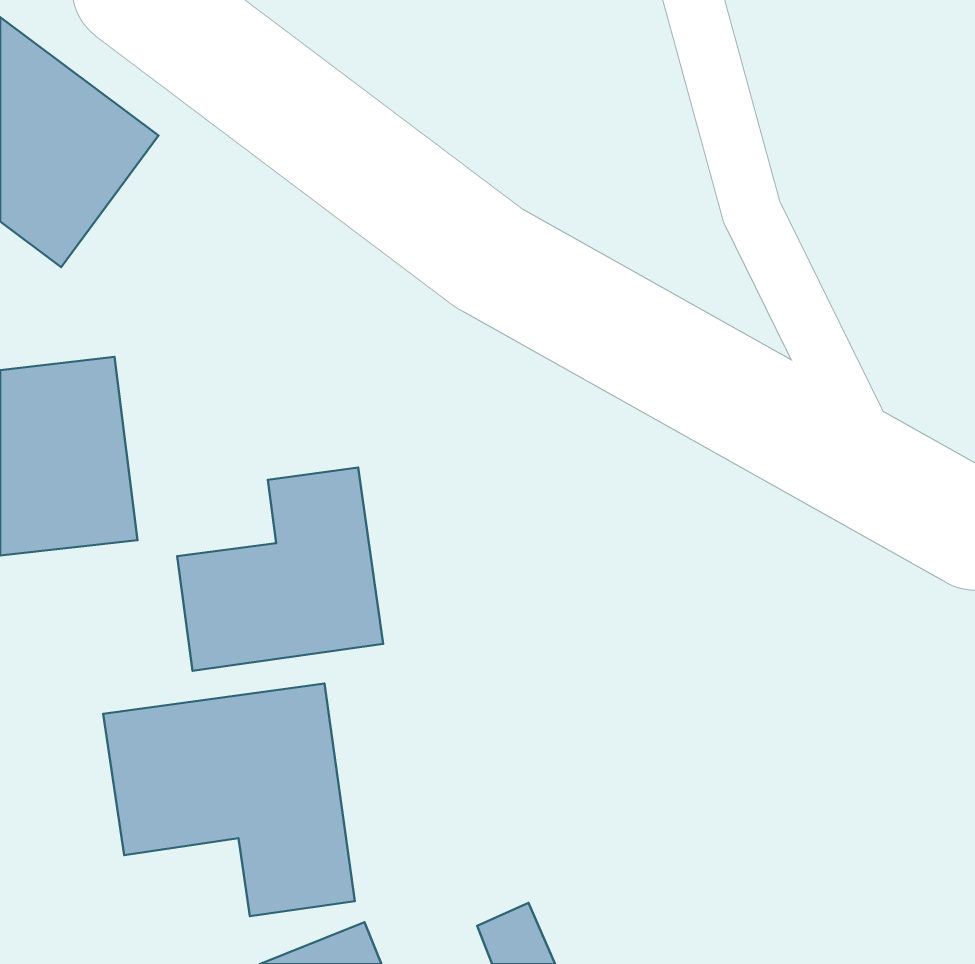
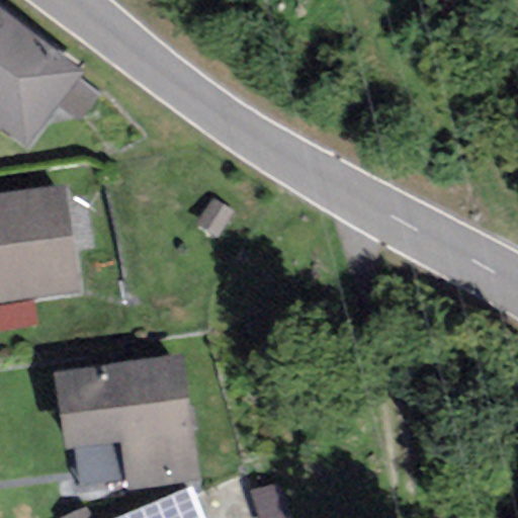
building: [177,468,383,671] -> none

